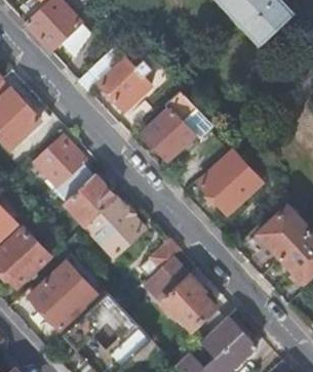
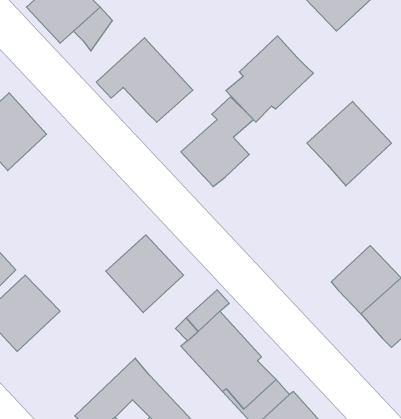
building: none -> [226,36,313,122]
building: [35,134,116,224] -> none
building: [198,150,263,214] -> [307,101,391,186]
building: [30,261,97,329] -> none

